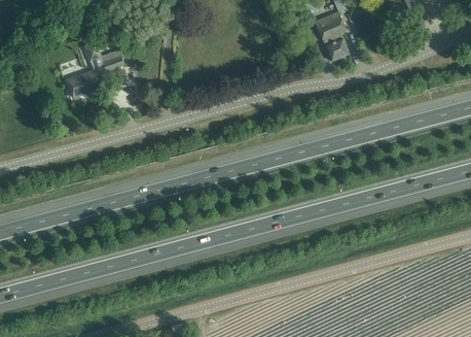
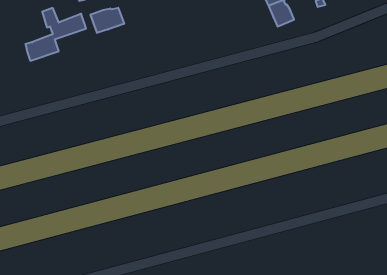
building: none -> [91,8,124,33]

